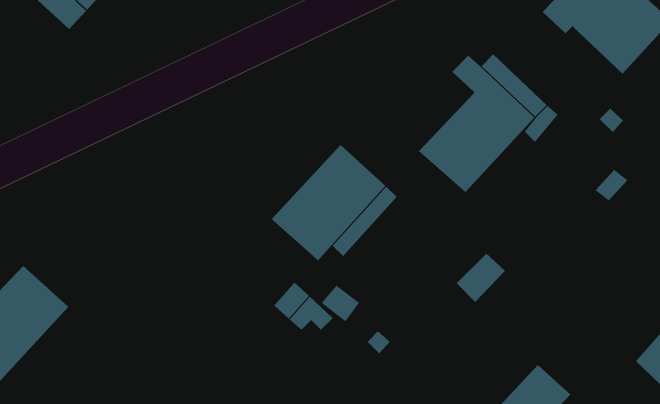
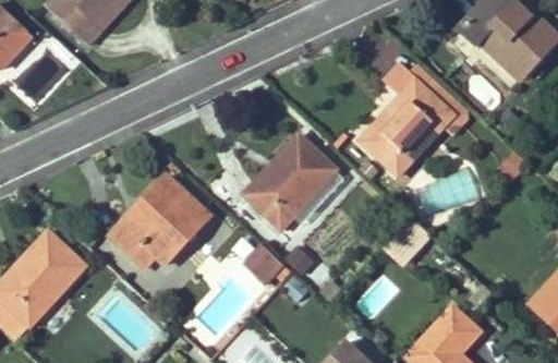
building: none -> [111,176,209,265]

